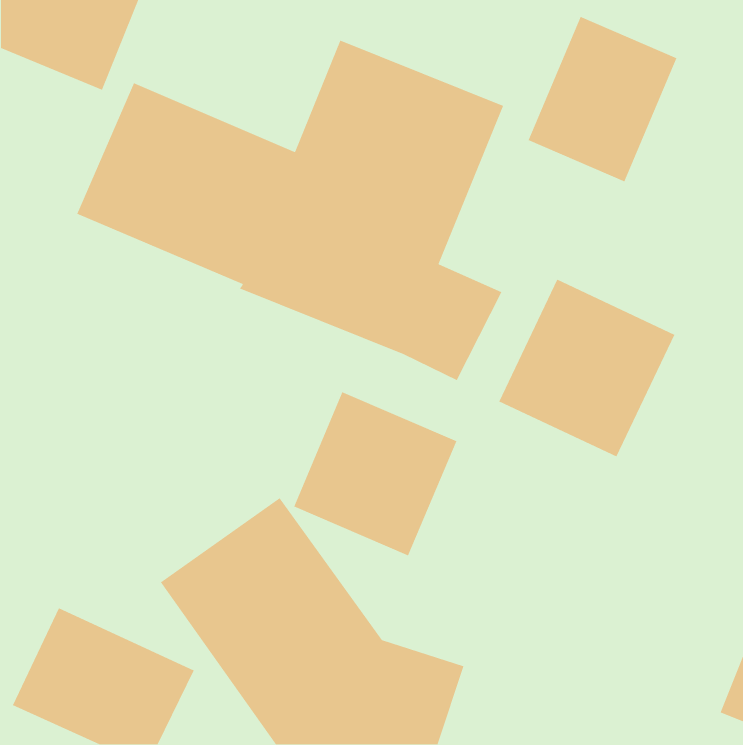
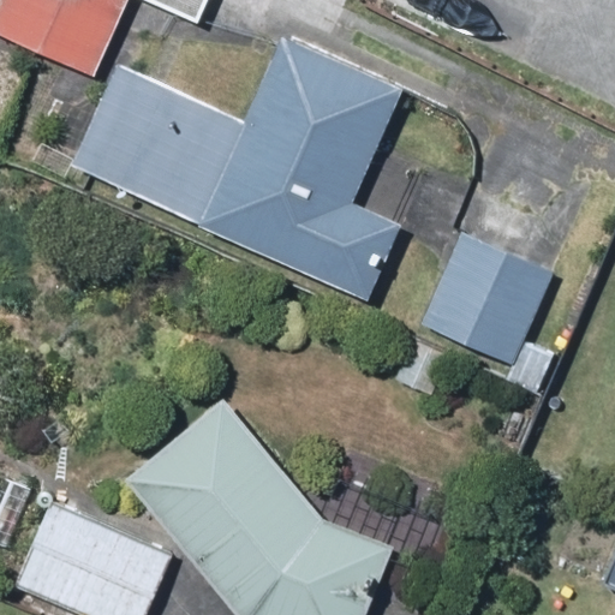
building: [528,16,677,182] -> none
building: [293,391,457,556] -> none

